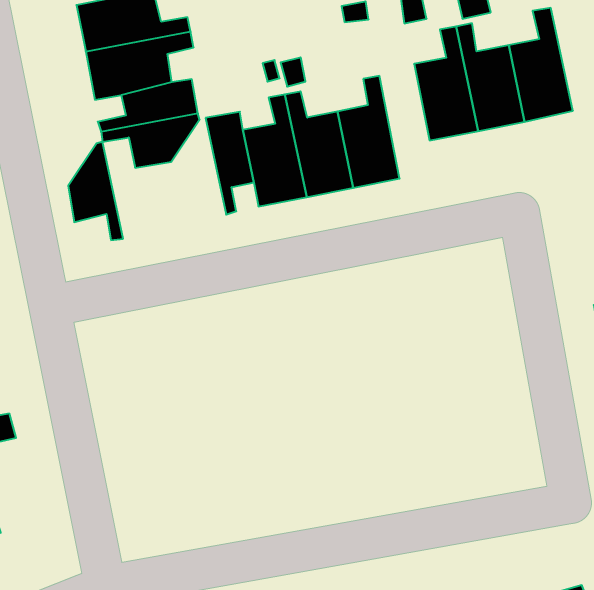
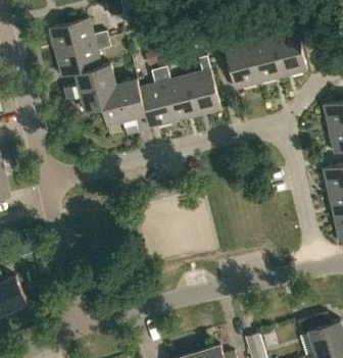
building: [68,142,123,240] -> [103,84,133,134]

